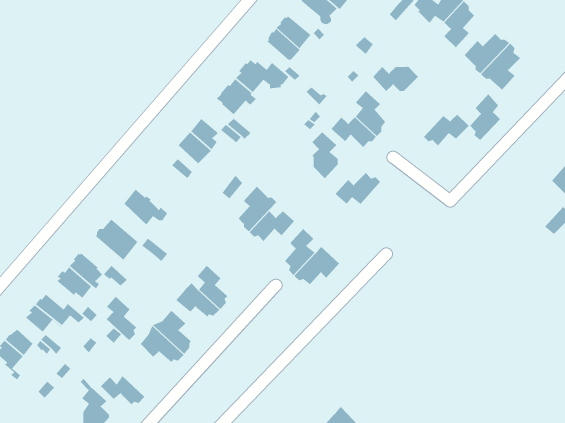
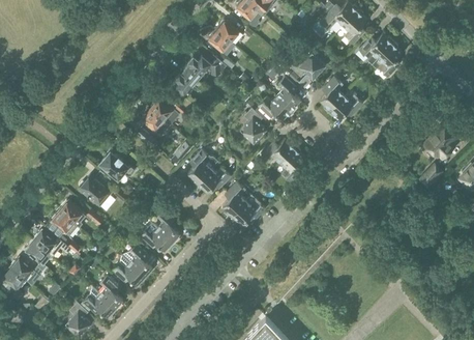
building: [469,93,501,141] -> [320,76,344,112]
building: none -> [280,146,304,182]
building: [106,296,137,341] -> [99,276,123,310]

